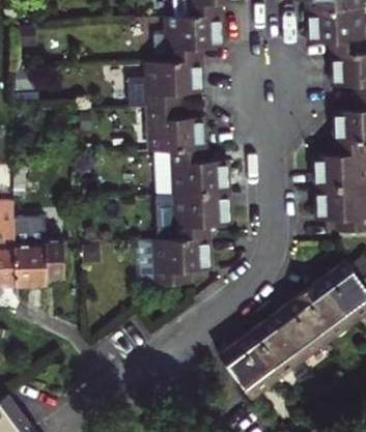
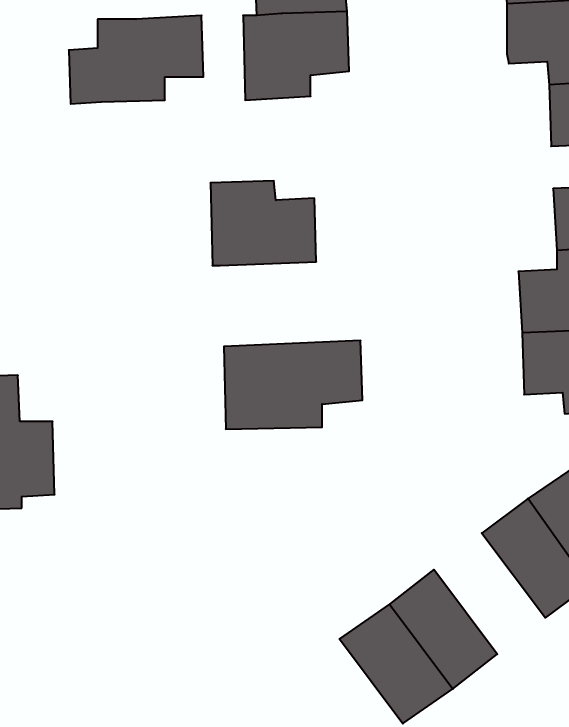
building: [130,61,202,109] -> [69,15,203,104]
building: [152,150,228,196] -> none
building: [134,239,208,285] -> none
building: [268,296,328,362] -> none

